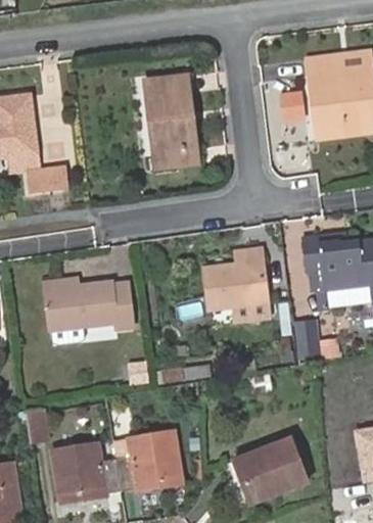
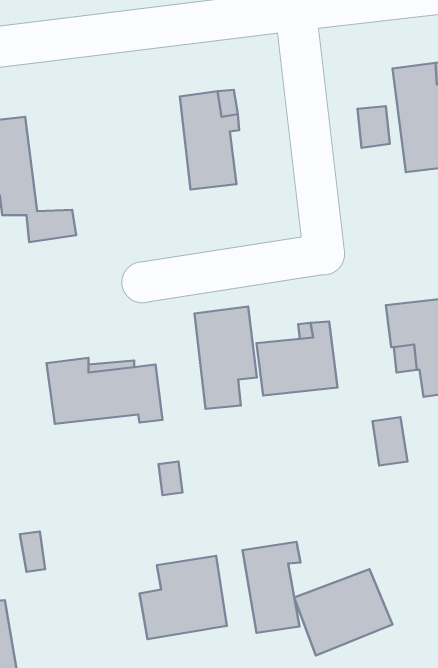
building: [154,106,198,168] -> none
building: none -> [195,307,257,409]
building: none -> [243,542,301,633]
building: [50,442,122,504] -> none

